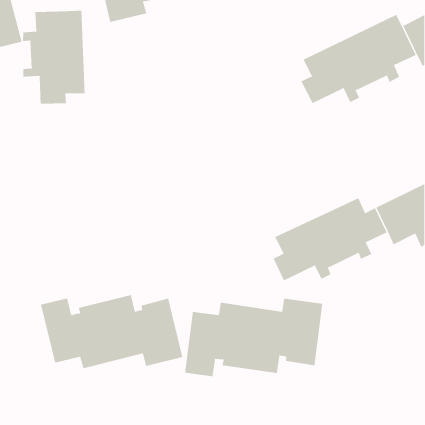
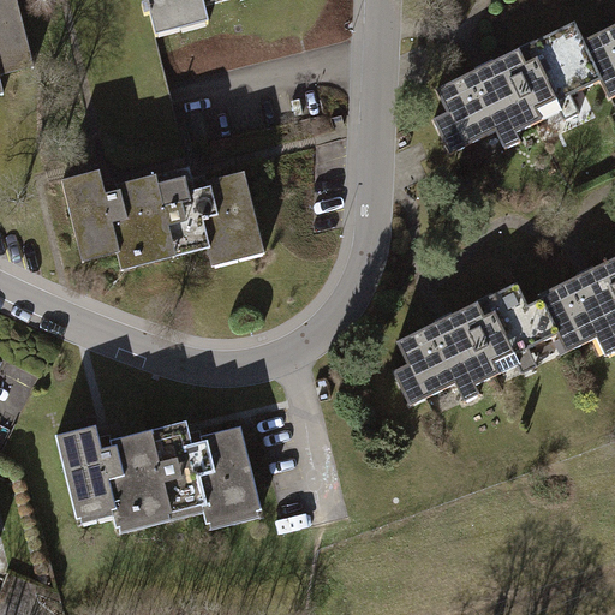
building: [23,10,85,104] -> none
building: none -> [62,169,265,269]
building: [184,298,323,377] -> none

